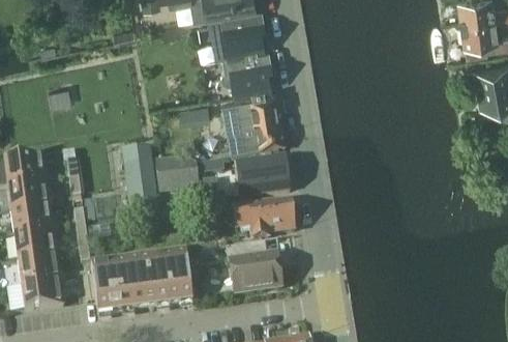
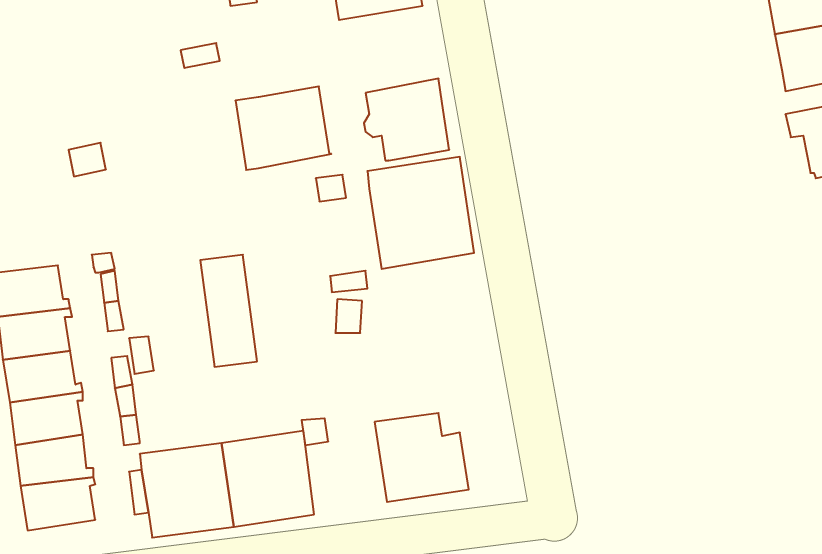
building: [208,10,264,59] -> [235,86,331,170]
building: [235,160,290,201] -> none
building: [155,162,199,195] -> none
building: [233,203,295,244] -> none

